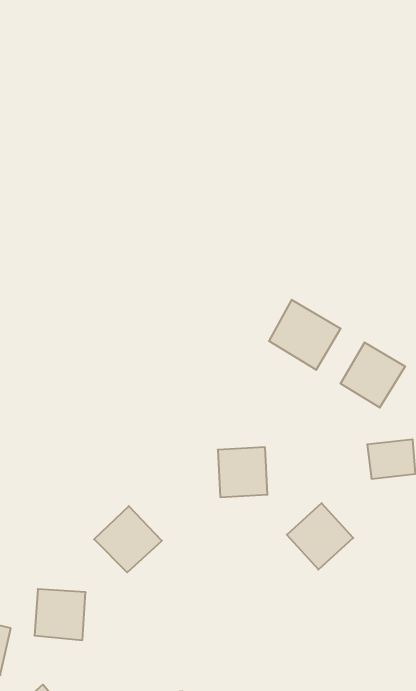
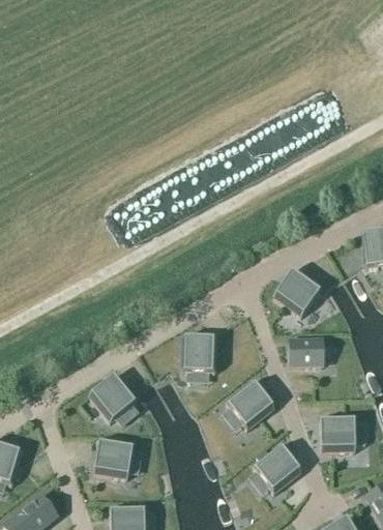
building: [269,300,341,370] -> none
building: none -> [254,444,301,493]
building: [34,589,86,640] -> [94,439,134,478]

